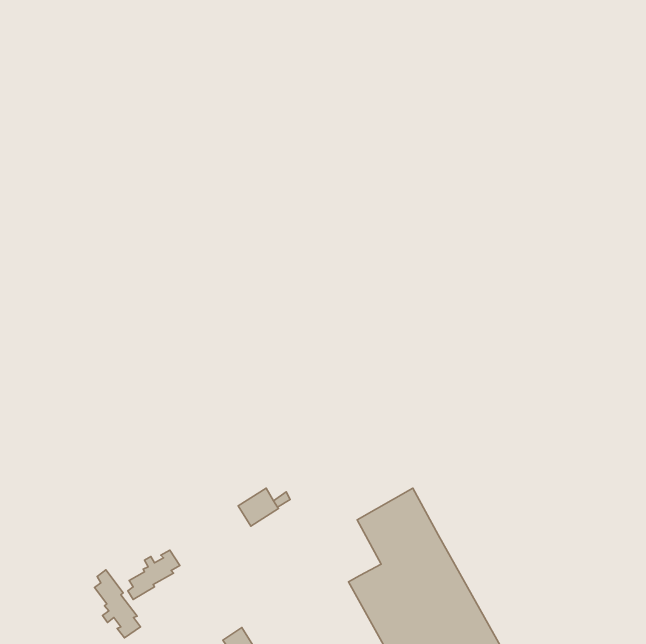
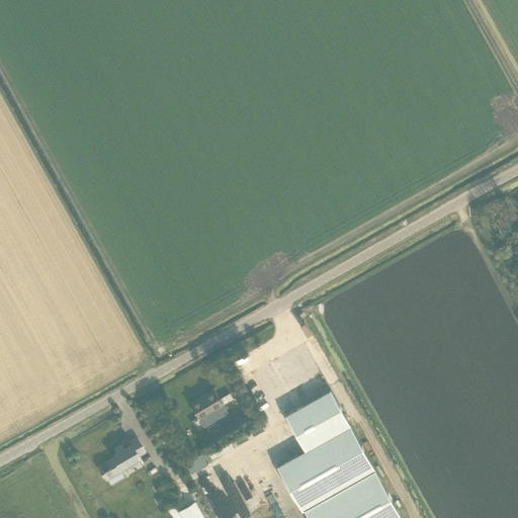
building: [95,570,141,638] -> none

